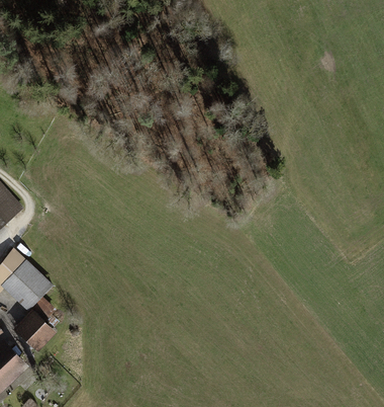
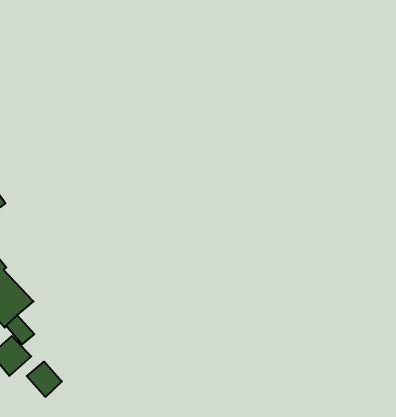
building: none -> [27,362,62,397]

